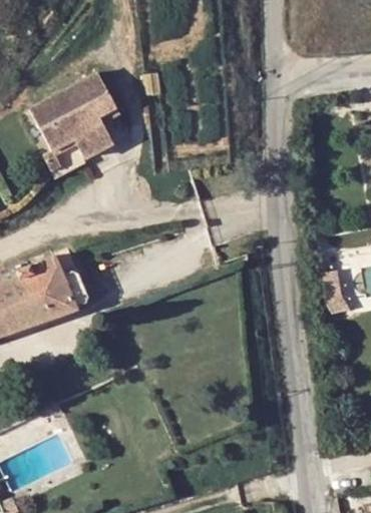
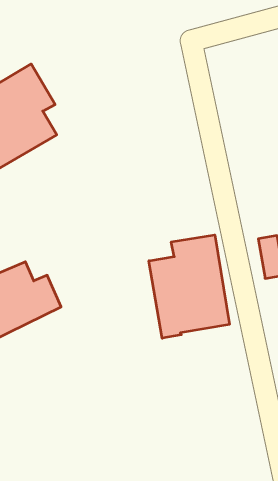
building: none -> [149,235,229,338]

